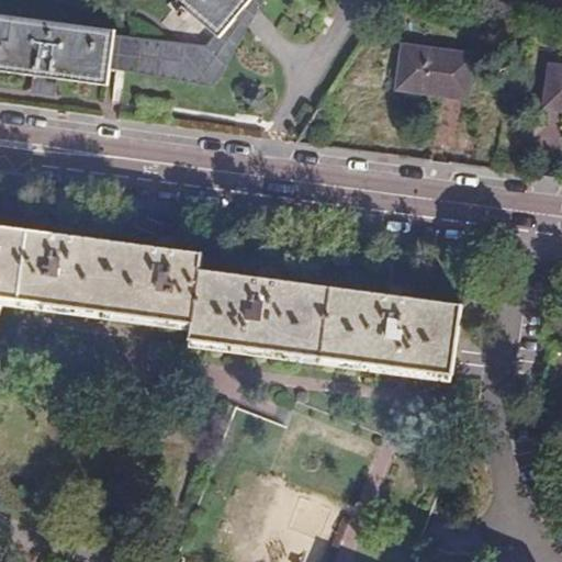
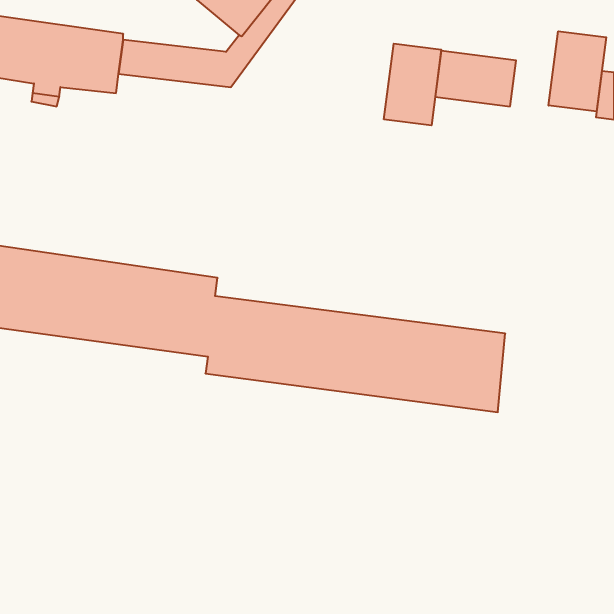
building: none -> [549,31,606,112]
building: none -> [384,44,441,125]

